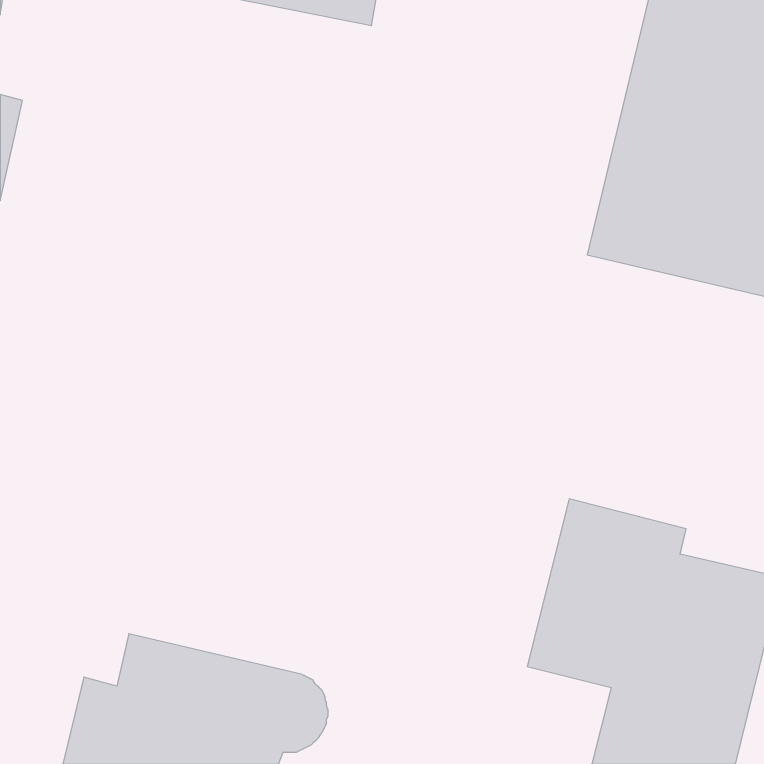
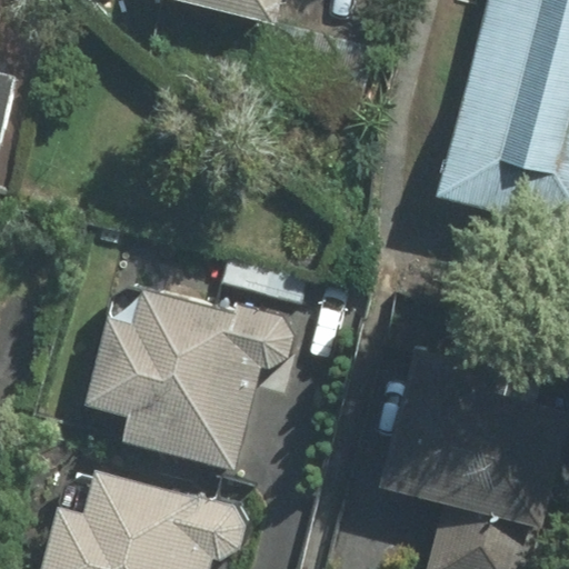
building: none -> [89,289,280,472]

